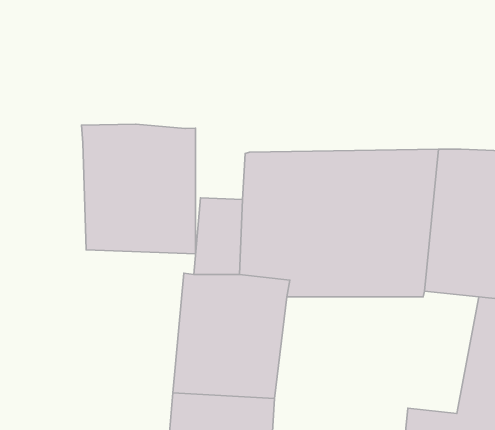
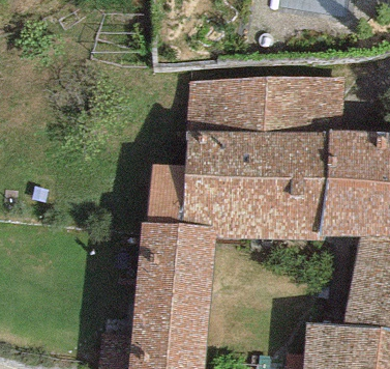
building: none -> [189,78,347,131]
building: [82,124,196,254] -> none

